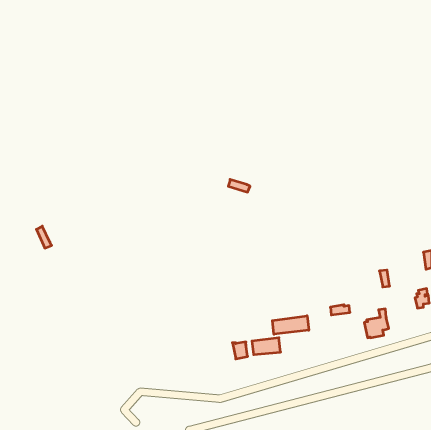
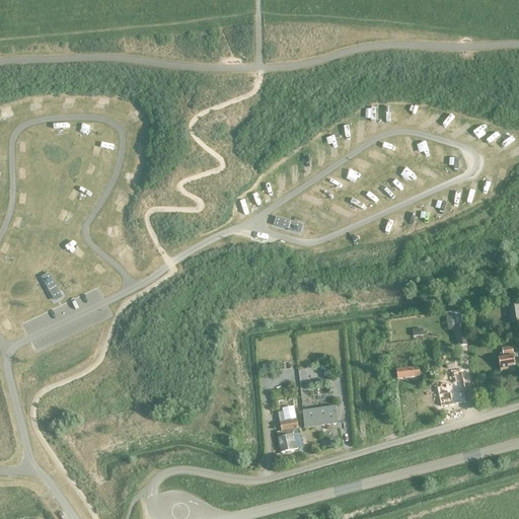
building: [272,316,309,334] -> none
building: none -> [279,427,303,450]

